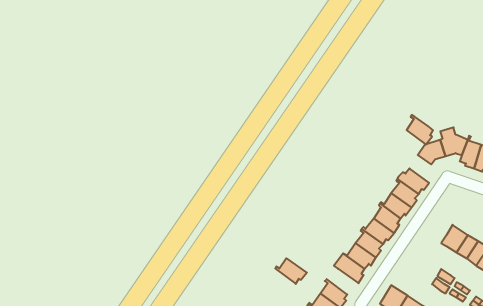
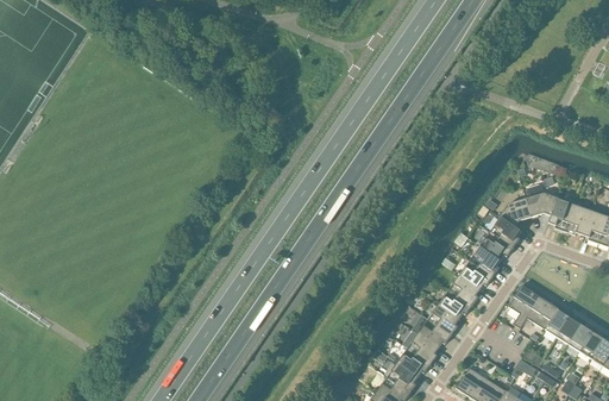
building: [407,115,433,145] -> [490,213,521,248]
building: none -> [508,284,540,327]
building: [275,258,307,284] -> [394,347,431,377]

